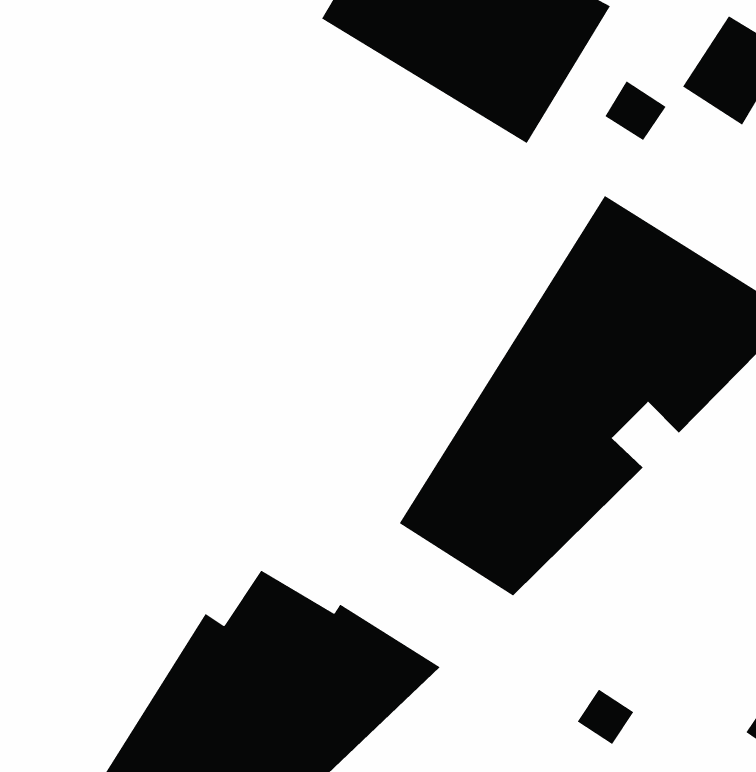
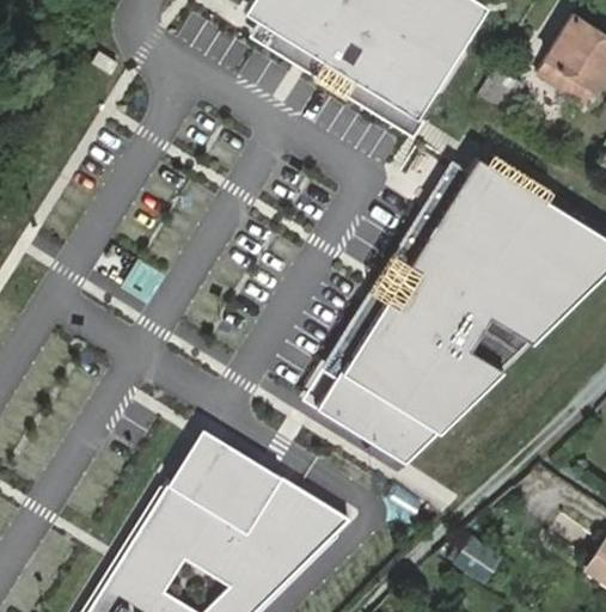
building: none -> [484,317,535,367]
building: none -> [170,428,274,489]

